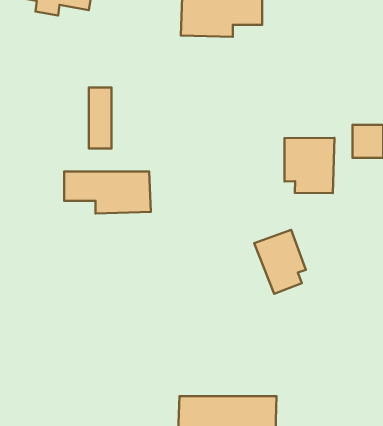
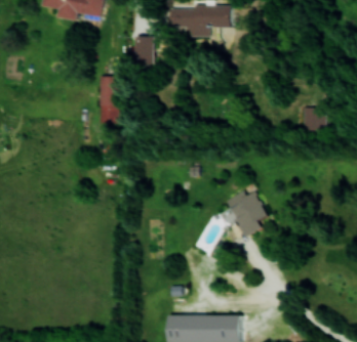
building: none -> [136,38,155,71]
building: [284,138,335,193] -> none
building: [64,171,151,213] -> none

